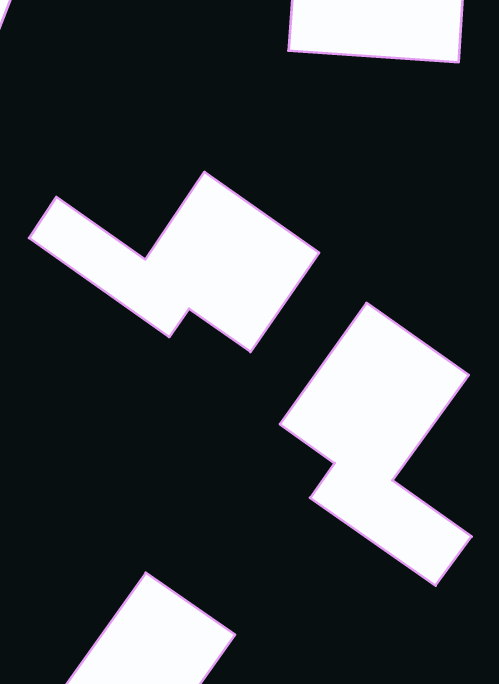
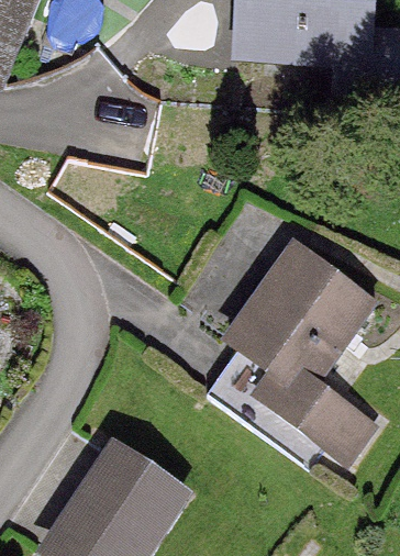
building: [29,172,319,352] -> none

